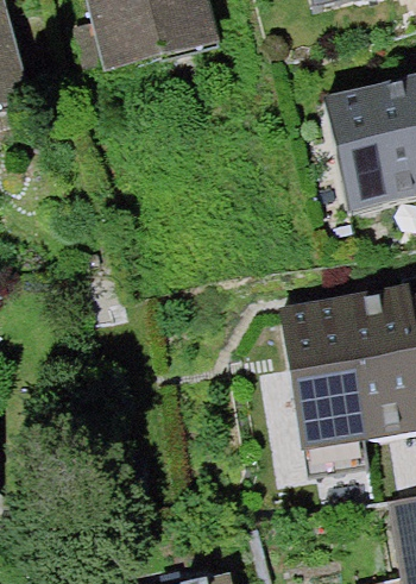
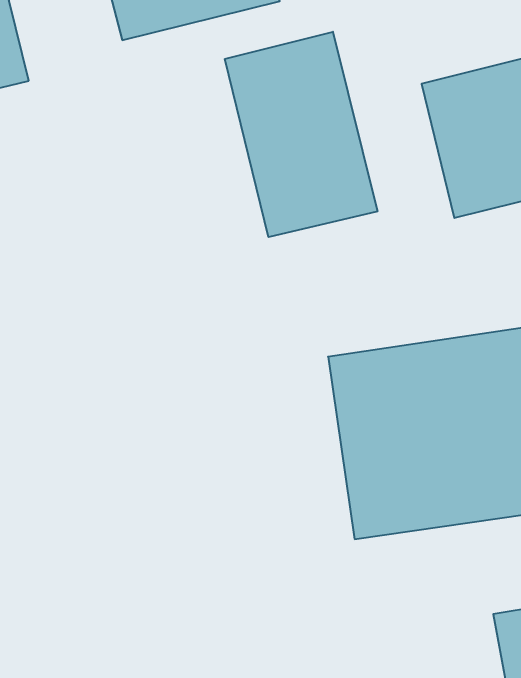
building: none -> [225,32,377,237]

